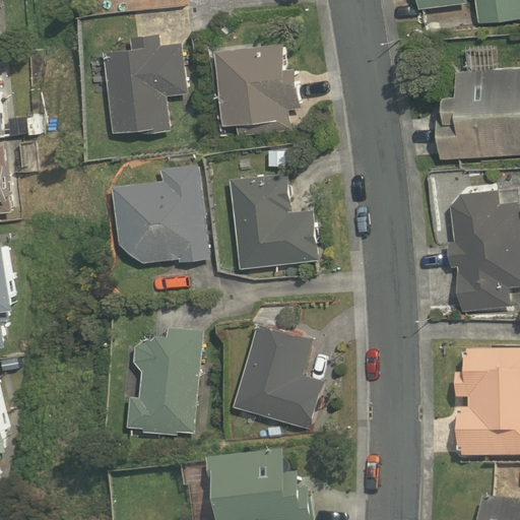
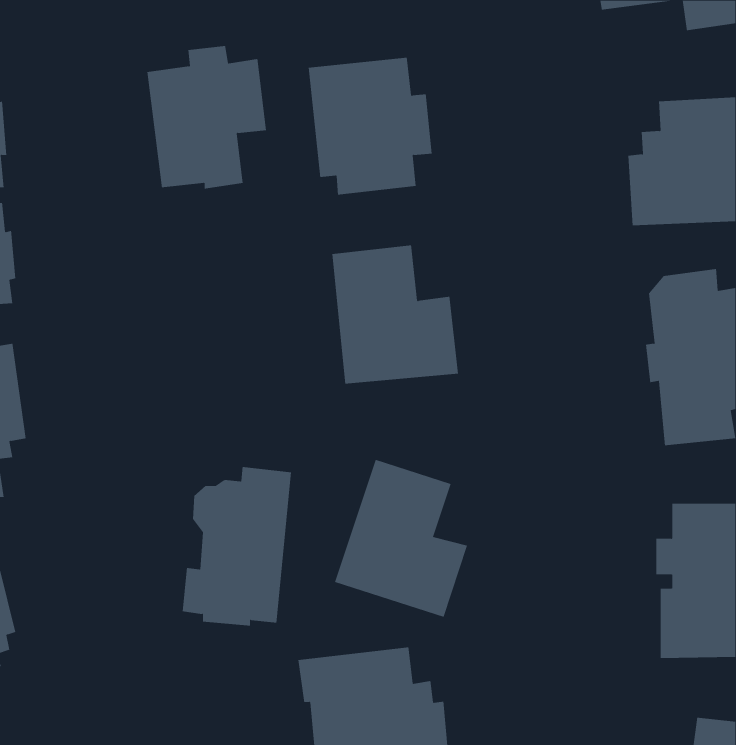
building: [112,164,208,263] -> none

